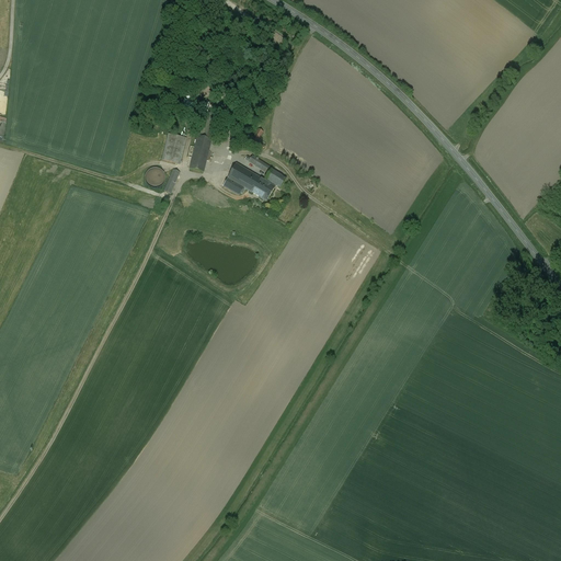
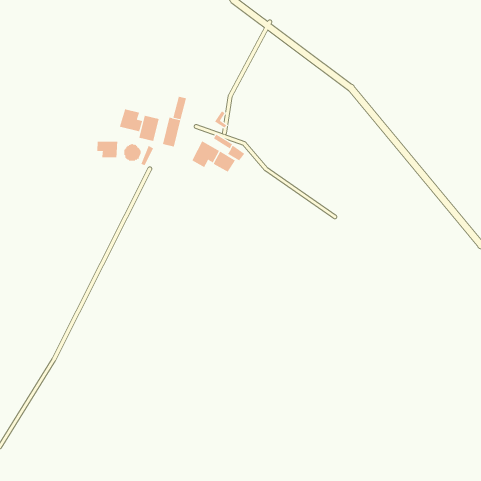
building: none -> [119,108,143,132]
building: none -> [97,141,118,158]

